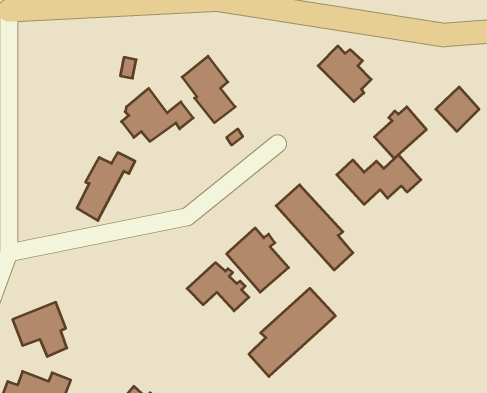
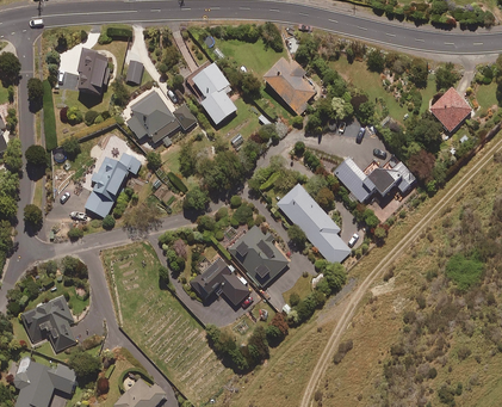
building: [318,46,371,102] -> [265,61,316,115]
building: none -> [79,51,112,95]
building: [374,107,426,159] -> none
building: [249,288,335,377] -> none

